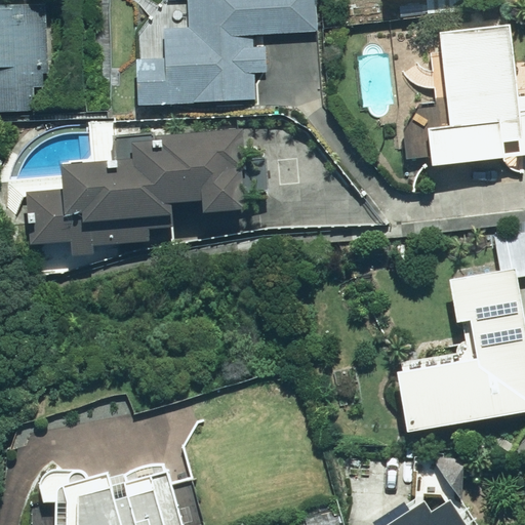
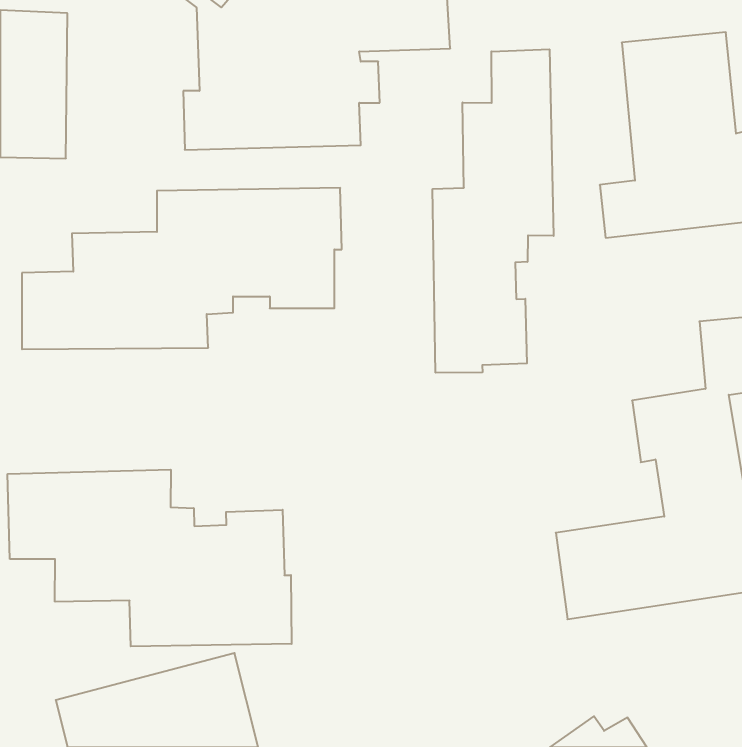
building: none -> [433,49,554,373]
building: none -> [8,470,292,646]

